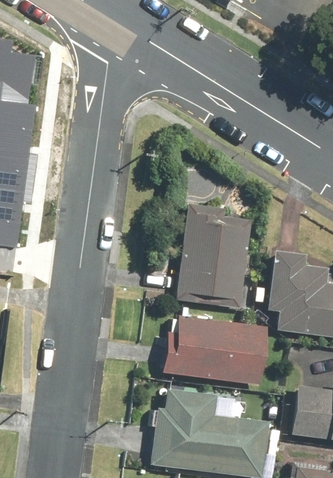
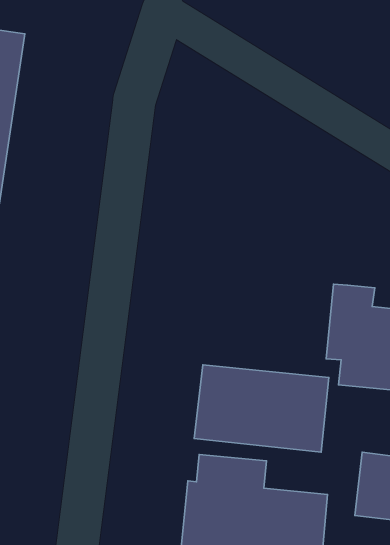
building: [180,209,254,304] -> none

